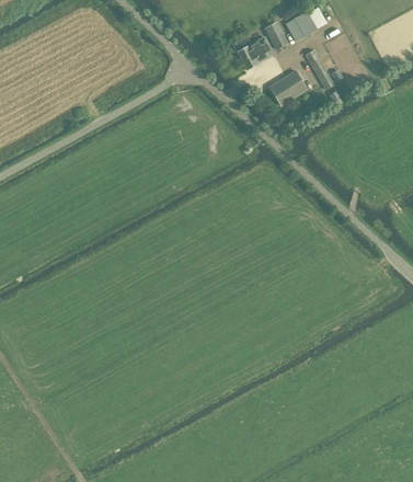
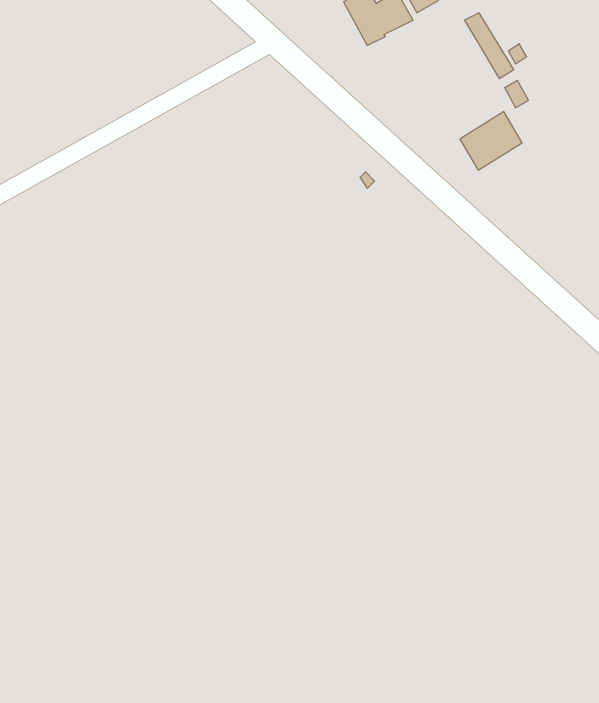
building: [268,71,306,106] -> [460,112,522,170]

